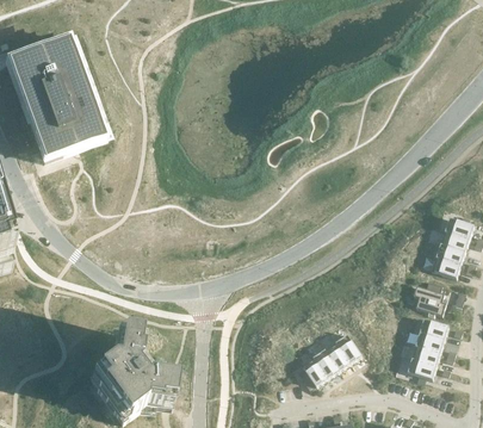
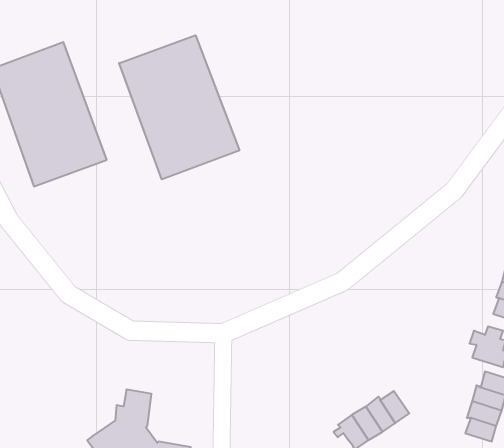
building: none -> [119,35,239,179]

